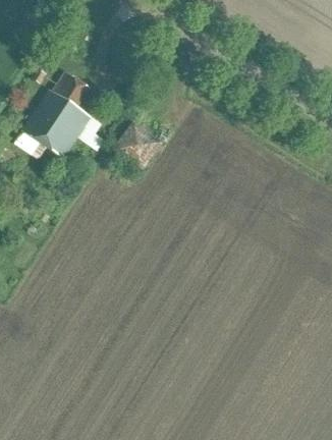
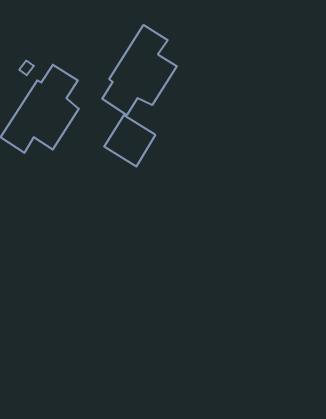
building: none -> [102,25,177,115]

